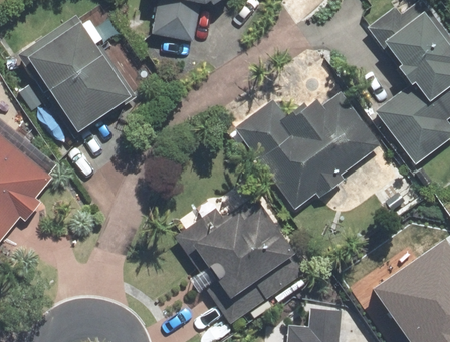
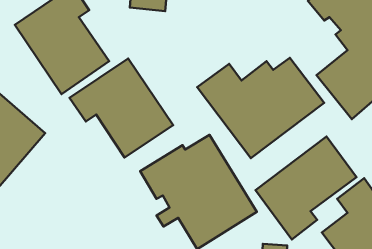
building: none -> [69,59,173,157]
building: none -> [255,136,356,239]

